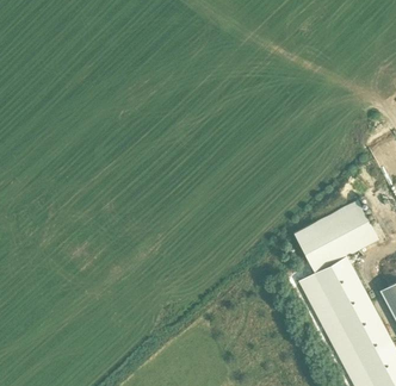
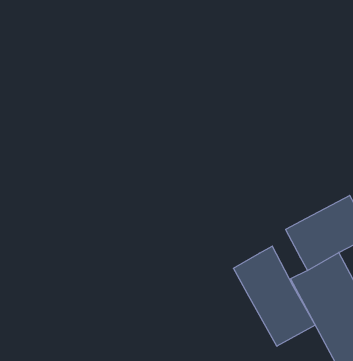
building: none -> [233,246,315,346]

